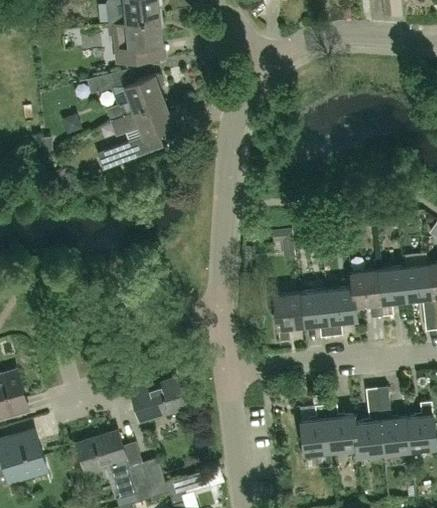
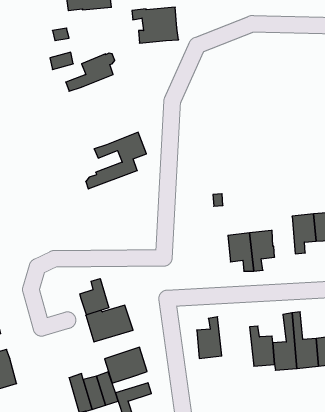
building: [108,20,164,63] -> [132,7,179,43]
building: [99,101,172,169] -> [86,132,146,189]
building: [351,271,381,317] -> none
building: [273,294,303,342] -> none
building: none -> [80,279,109,315]
building: [301,404,331,454] -> [197,317,222,358]
building: [75,430,126,473] -> [105,347,147,383]

